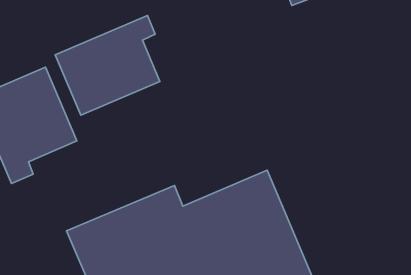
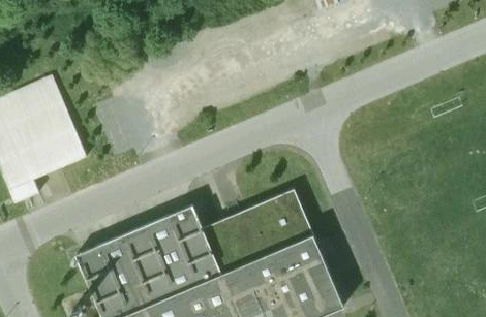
building: [55,15,160,115] -> none

